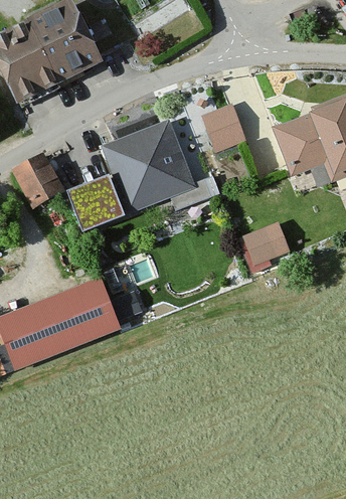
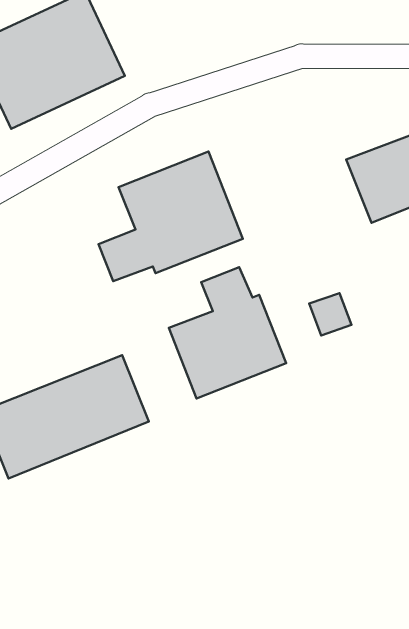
building: [201,105,241,147] -> none
building: [13,156,65,213] -> none
building: none -> [169,267,286,399]

